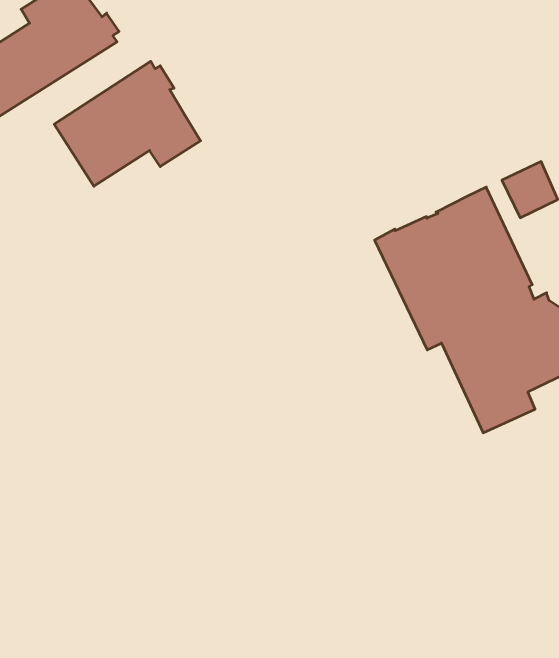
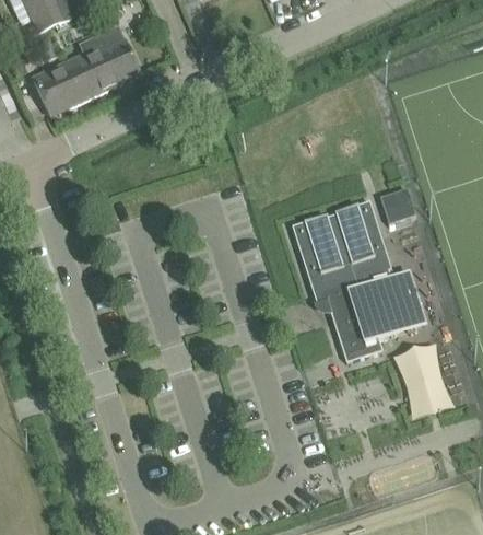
building: [54,61,201,186] -> none

